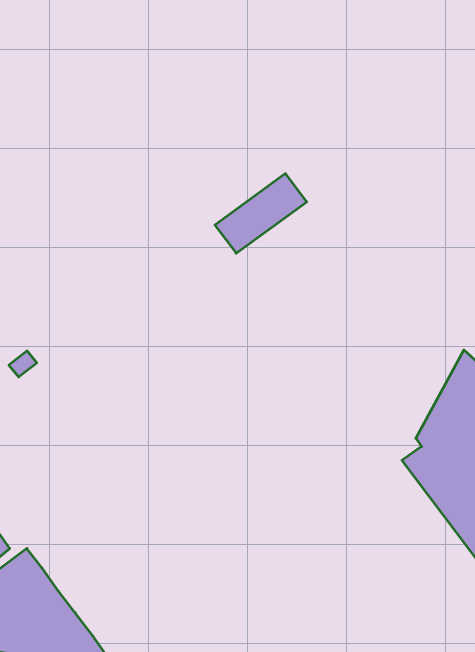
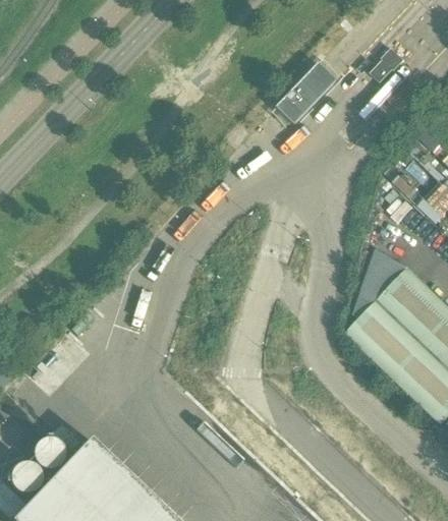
building: [215,174,307,253] -> [272,68,334,130]

